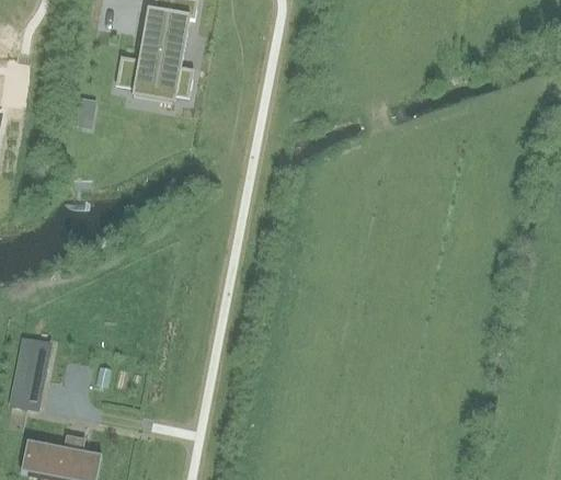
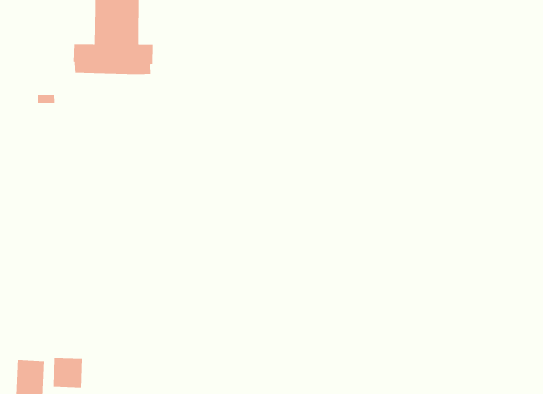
building: none -> [53,357,83,388]

